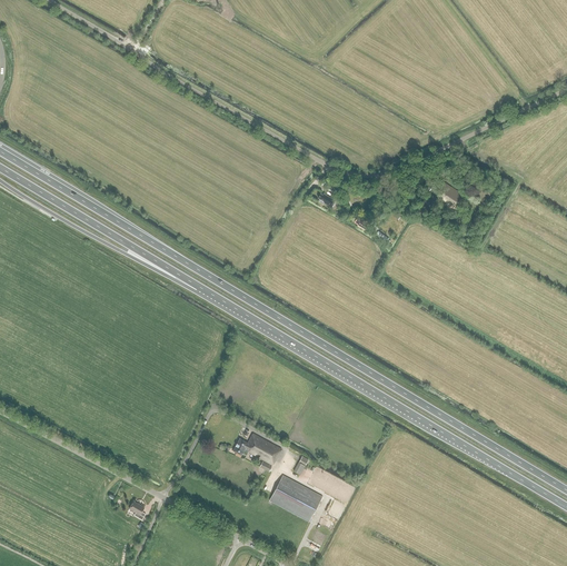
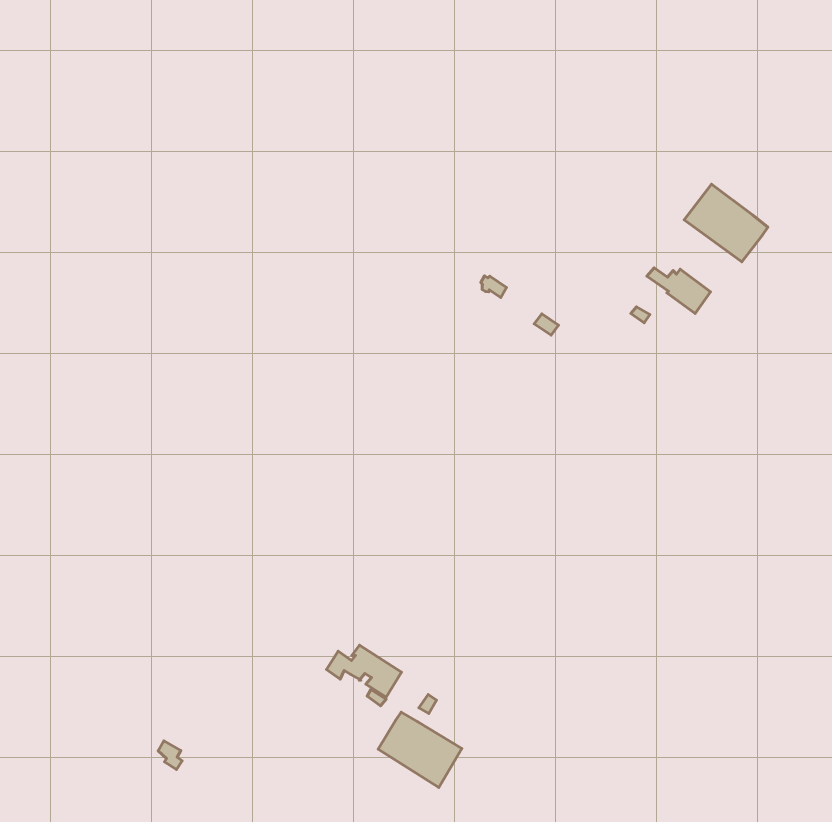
building: none -> [684,184,768,262]

